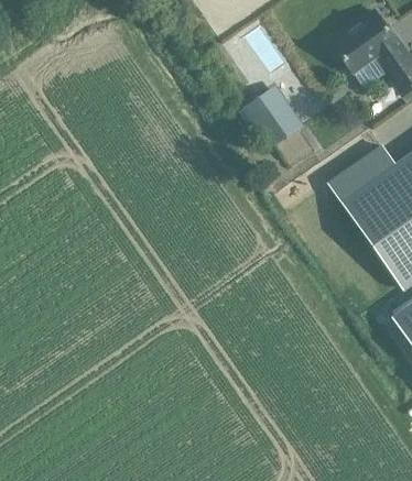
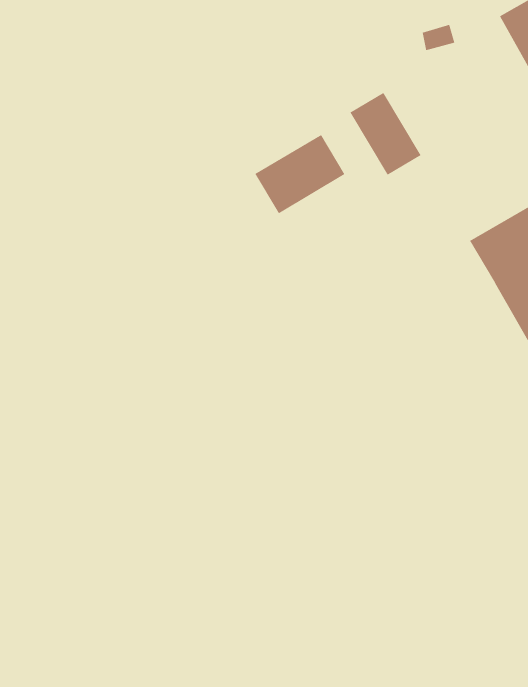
building: none -> [255,134,345,214]

